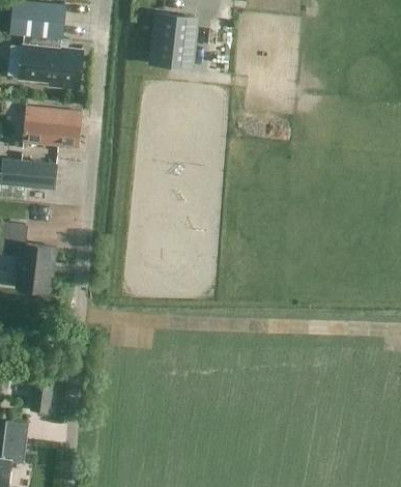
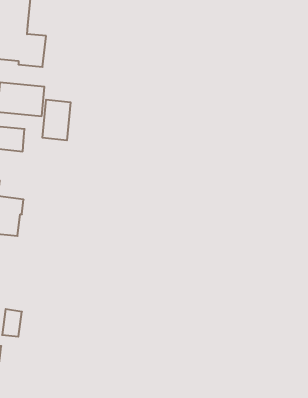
building: [147,12,198,69] -> none
building: none -> [42,100,71,140]

